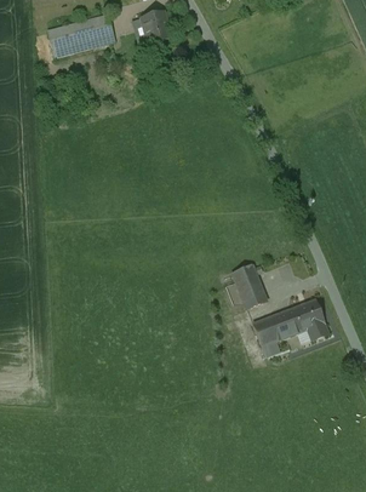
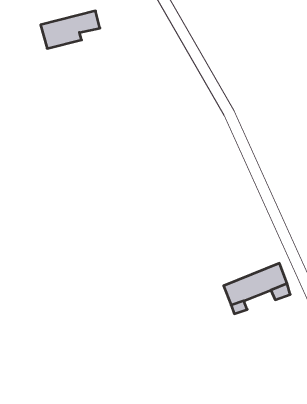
building: [141,11,171,45] -> none
building: [231,265,265,309] -> none

